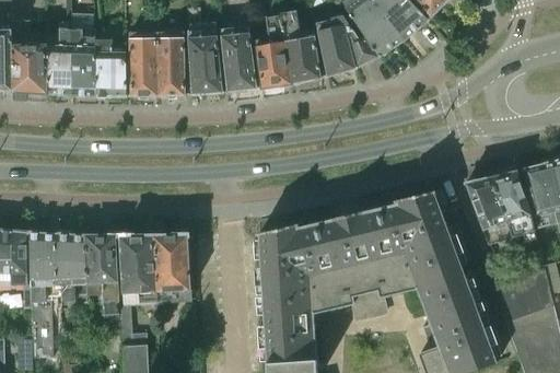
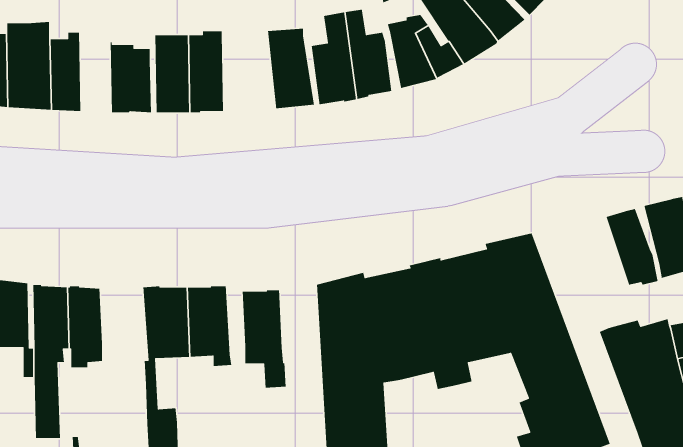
building: [69,30,94,95] -> none
building: [188,30,223,94] -> none
building: [465,178,511,245] -> none
building: [85,235,121,315] -> [242,289,287,388]

